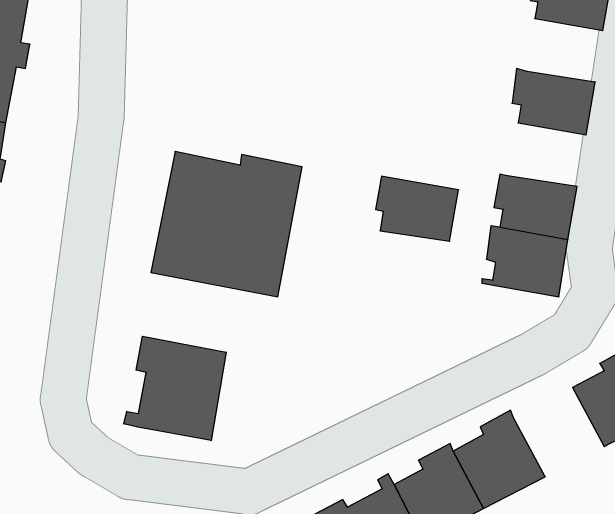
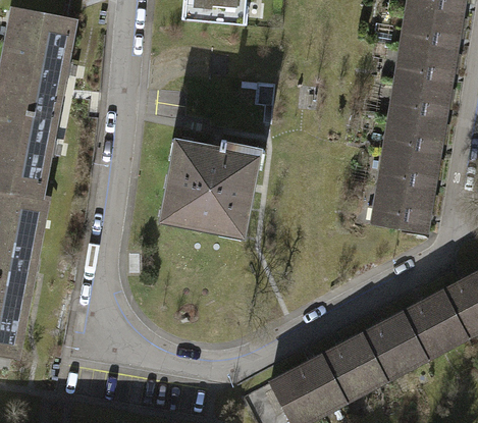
building: none -> [401,48,456,91]
building: [376,176,459,241] -> [388,117,444,161]
building: [124,336,226,441] -> none
building: none -> [395,290,457,357]

